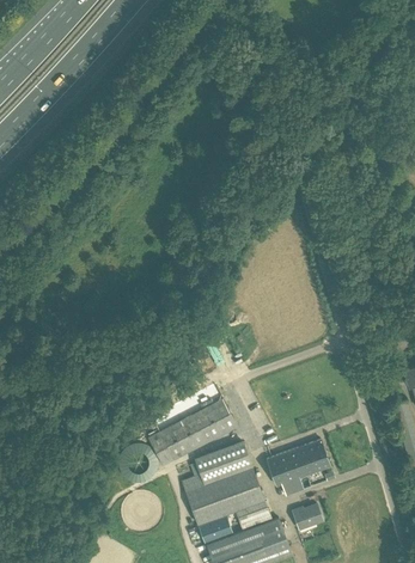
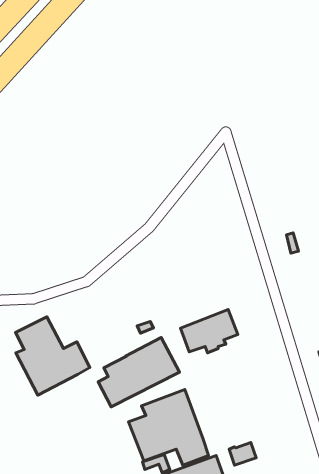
building: none -> [15,317,90,395]
building: [266,441,329,489] -> [180,310,238,353]

